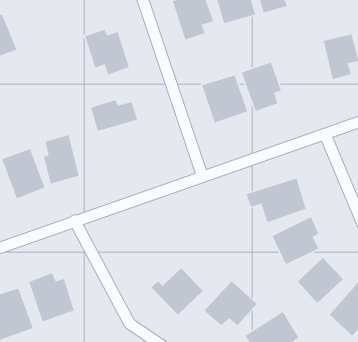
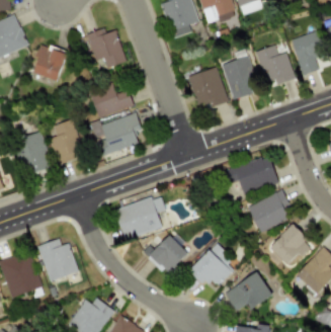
building: none -> [33,44,67,80]
building: none -> [255,45,294,82]
building: none -> [90,112,141,155]
building: none -> [115,194,165,240]

